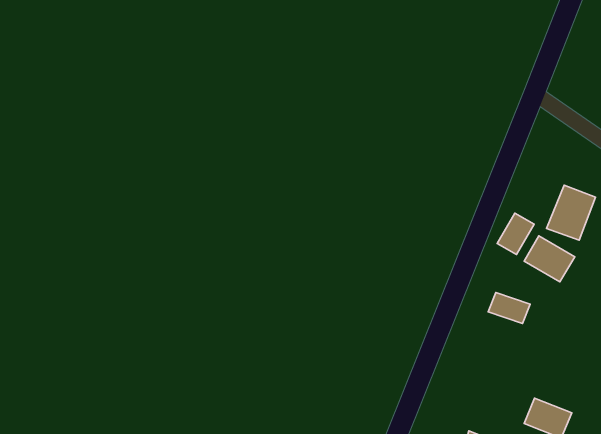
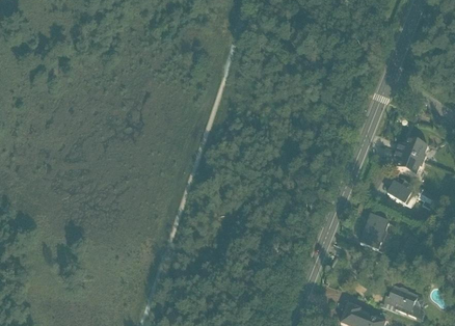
building: [497,213,534,254] -> none
building: none -> [355,225,384,248]

